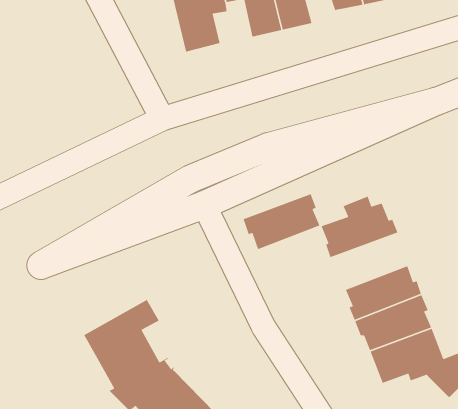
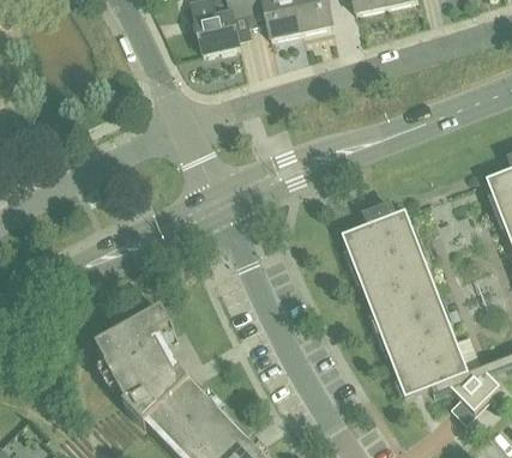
building: [242,193,320,250] -> [351,241,432,300]

